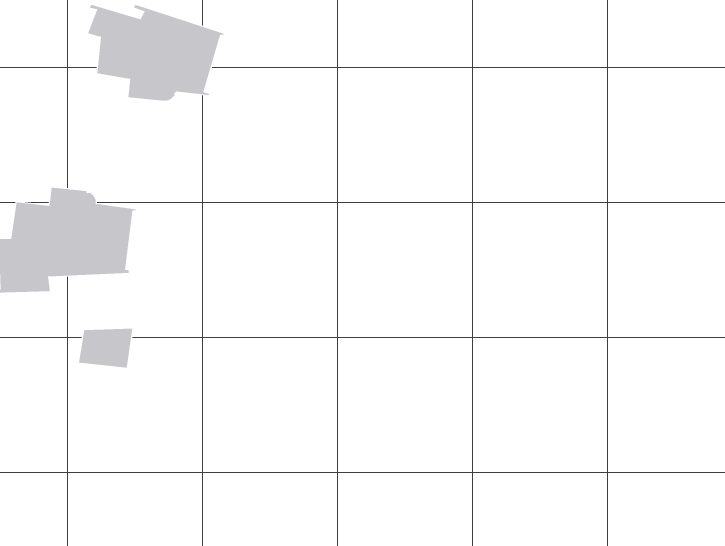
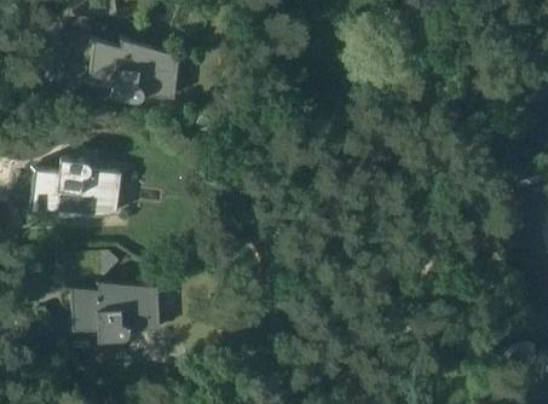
building: none -> [65,282,160,342]

